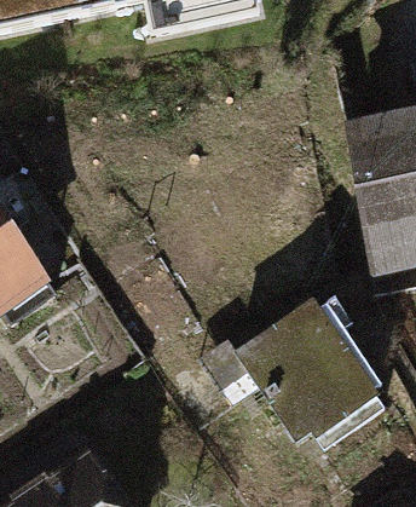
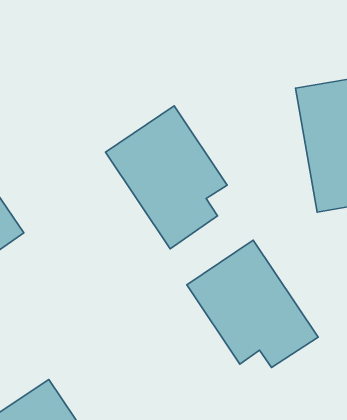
building: none -> [105,106,227,249]

